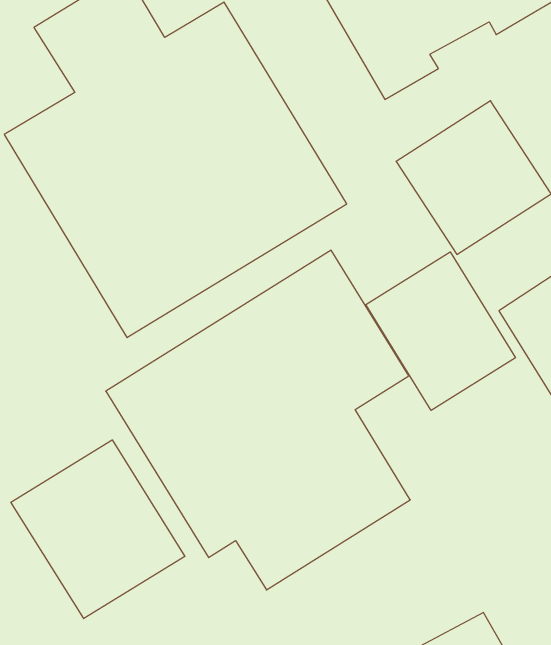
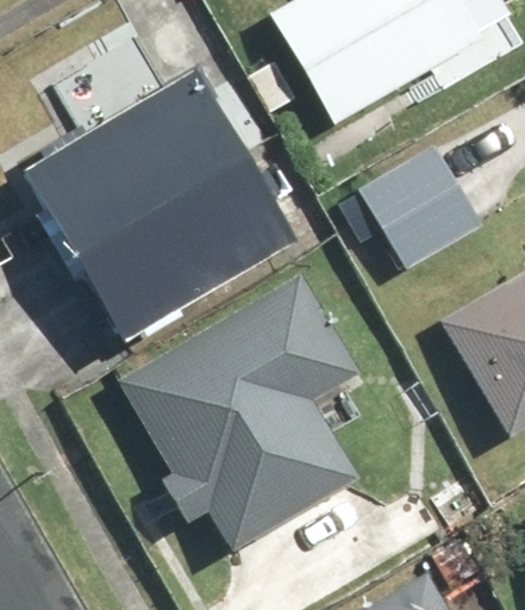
building: [366,252,515,410] -> none
building: [11,440,185,619] -> none

